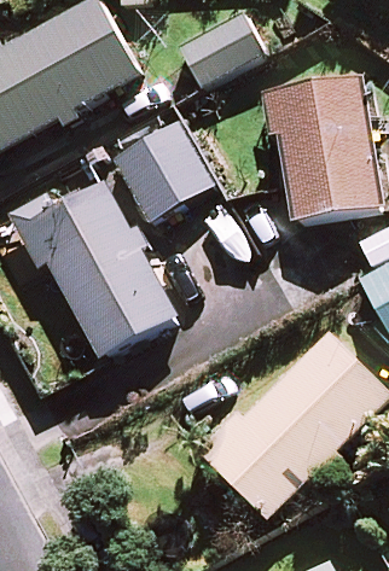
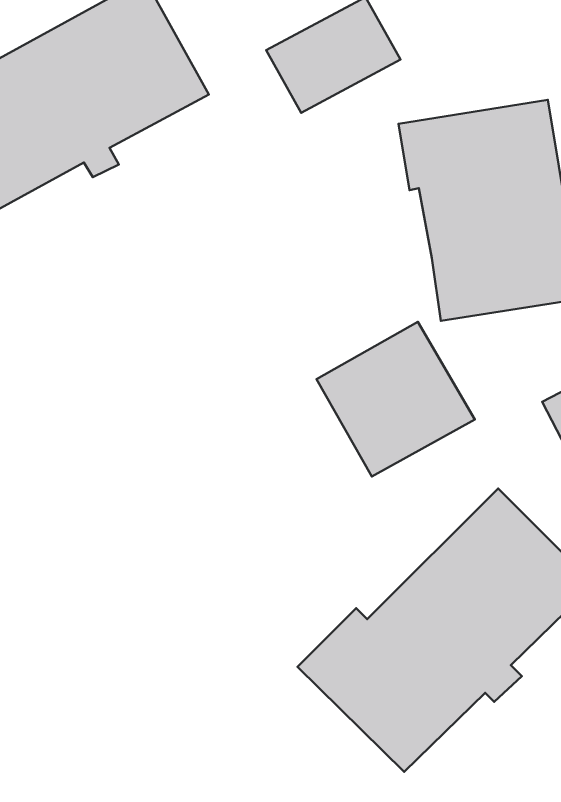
building: [111,118,215,220] -> [317,322,475,477]
building: [10,183,179,359] -> none

